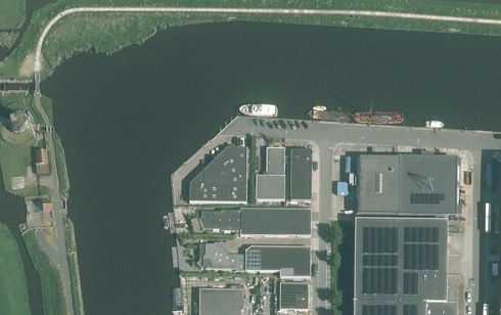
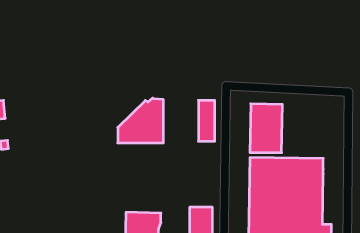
building: [256,147,284,199] -> none
building: [395,153,459,215] -> none
building: [199,208,311,235] -> none
building: [196,241,310,276] -> none

